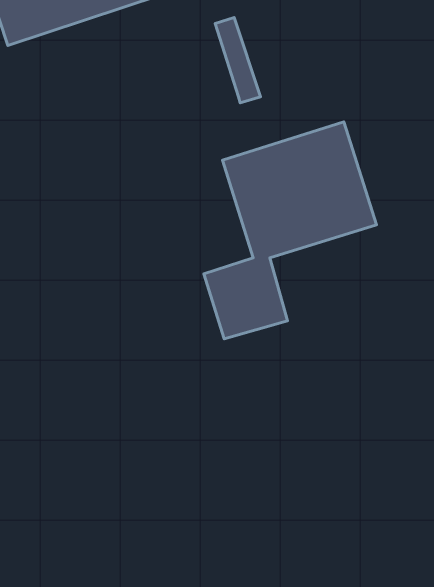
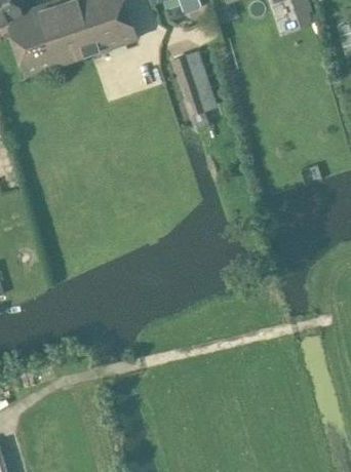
building: [204,122,376,339] -> none

